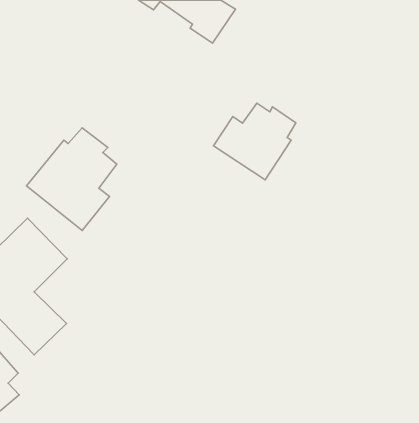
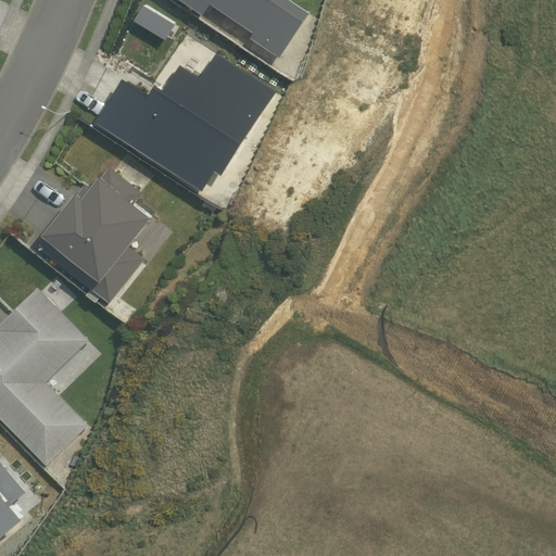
building: none -> [94,54,274,191]
building: [214,103,296,180] -> none

